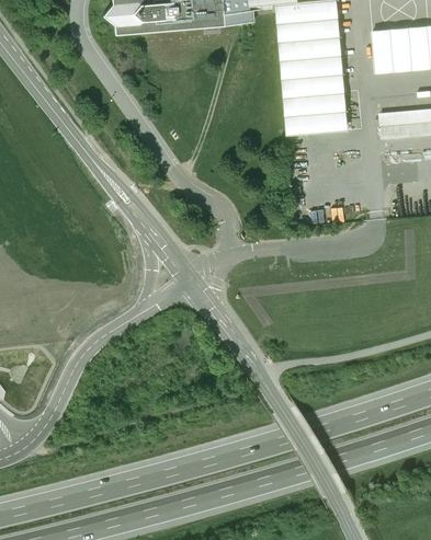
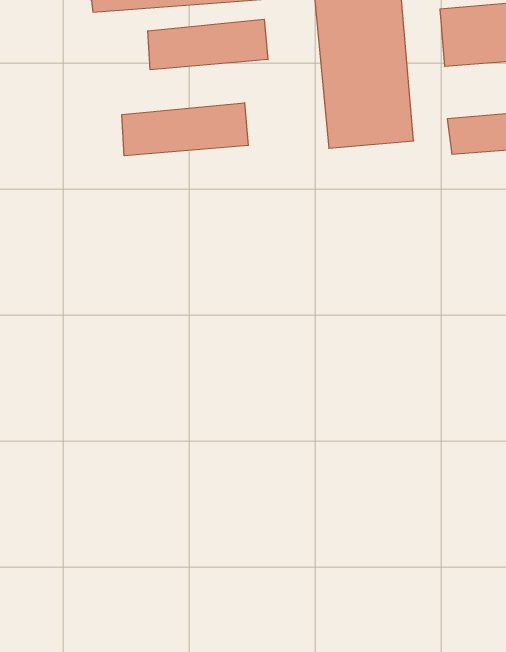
building: none -> [148,19,268,70]
building: none -> [122,103,248,156]

